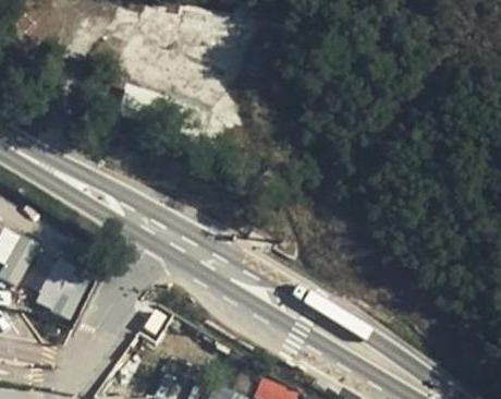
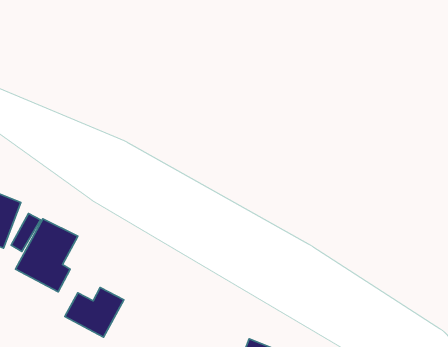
building: none -> [65,287,124,337]

